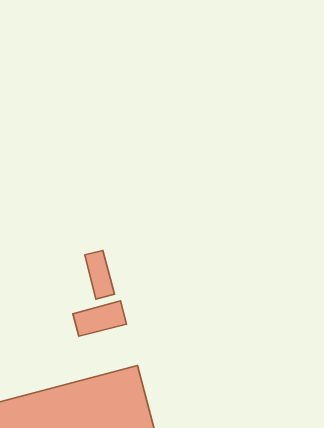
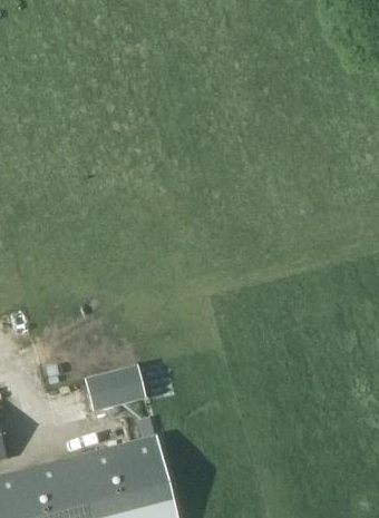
building: [85,250,114,299] -> none

